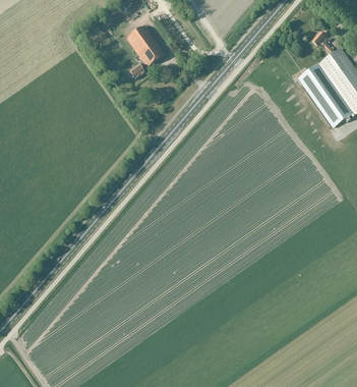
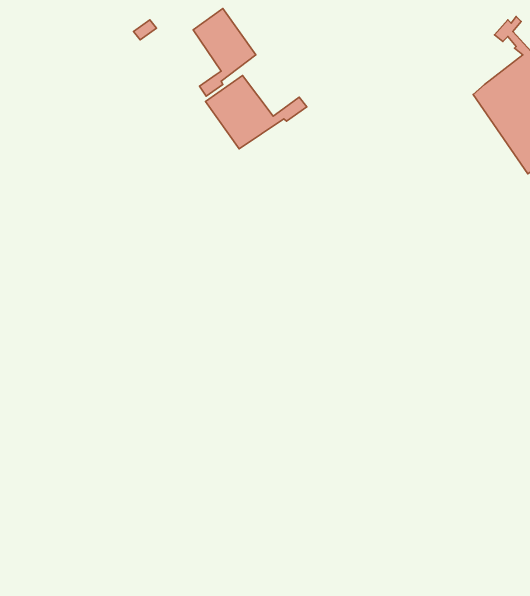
building: none -> [205,75,307,149]

